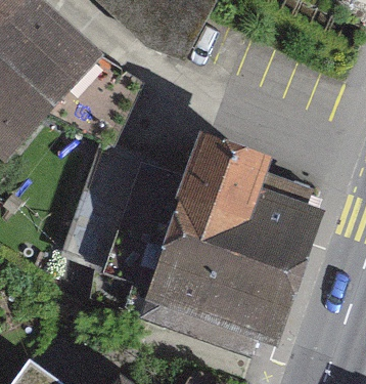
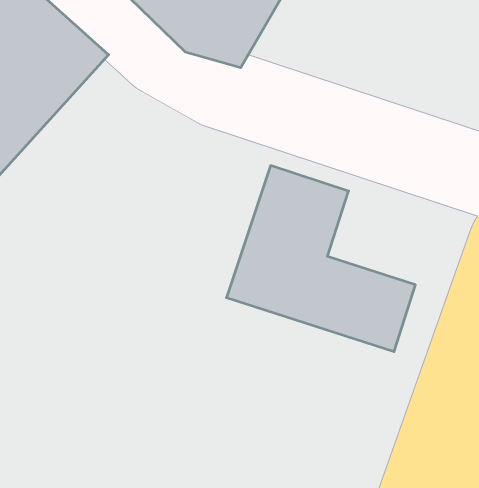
building: [152,224,294,330] -> none

